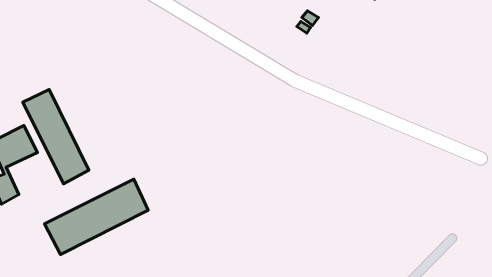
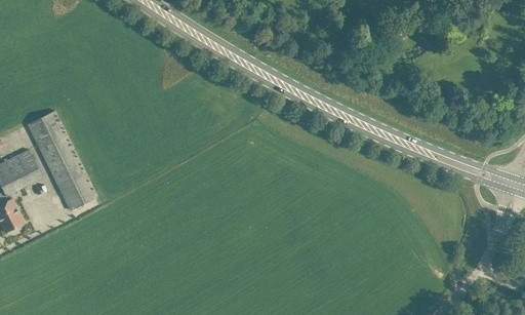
building: [45,179,148,255] -> none

